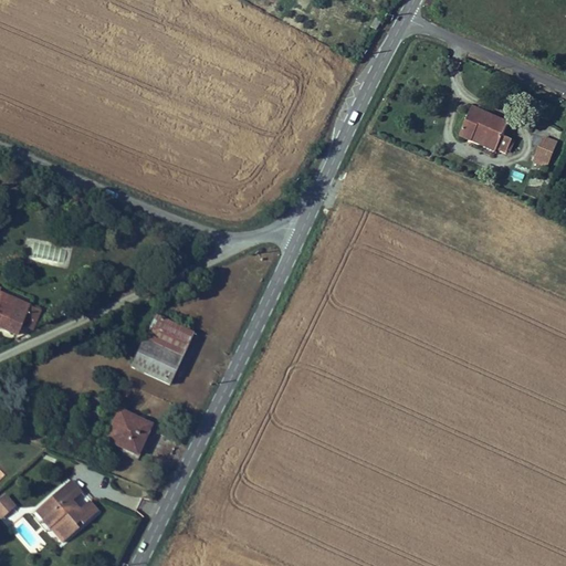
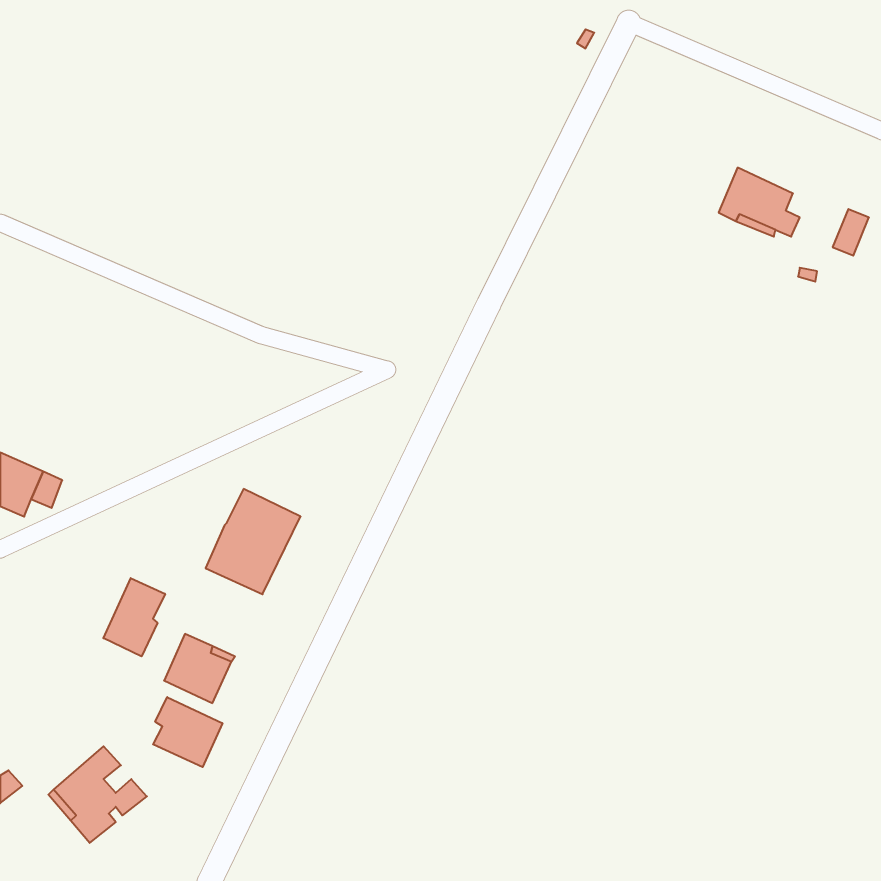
building: none -> [103,578,165,656]
building: none -> [153,697,222,767]

